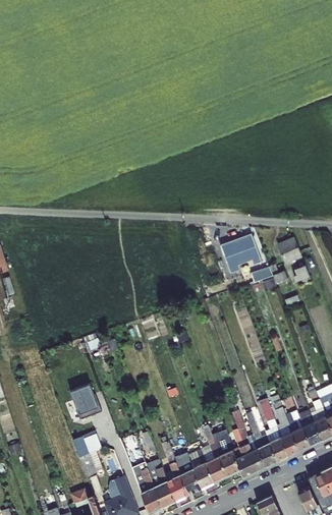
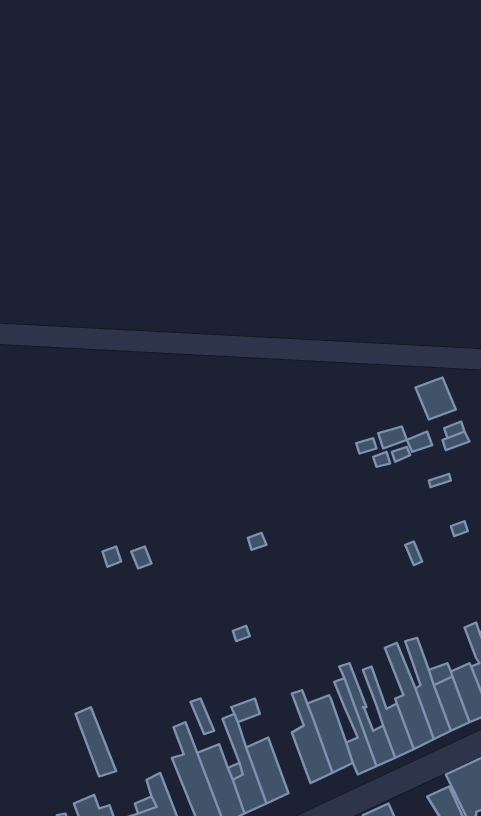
building: [221,235,263,275] -> none
building: [70,386,102,421] -> none
building: [189,450,215,490] -> none

